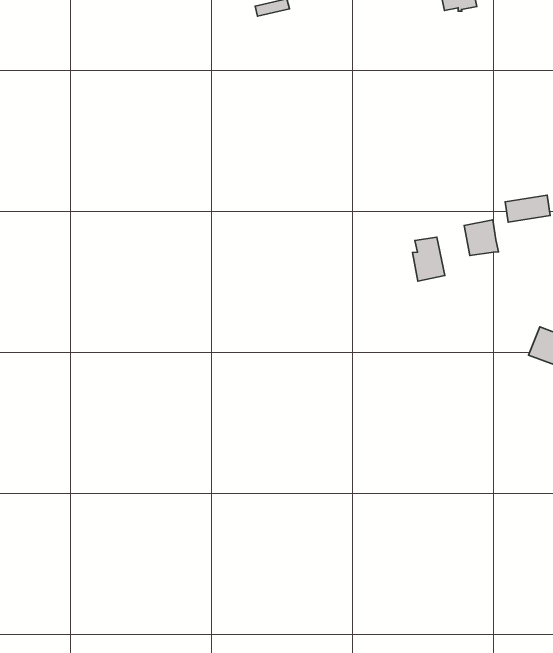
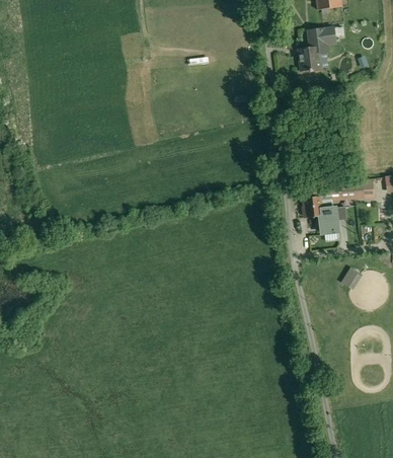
building: [412,237,445,281] -> [321,208,339,233]

